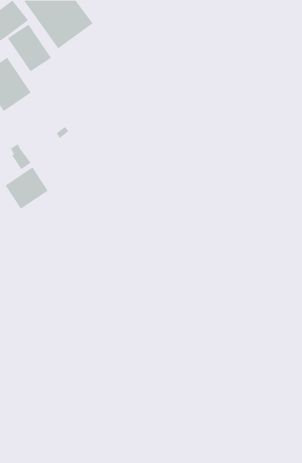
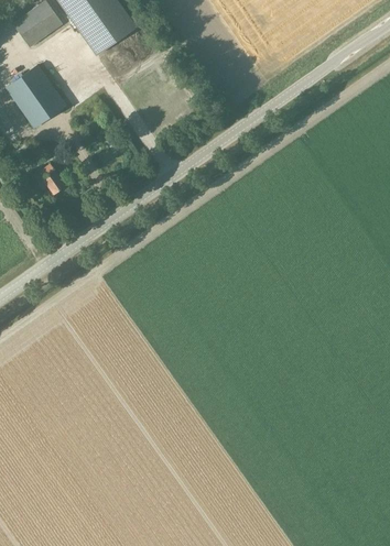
building: [7,24,52,72] -> none
building: [5,167,49,210] -> none

